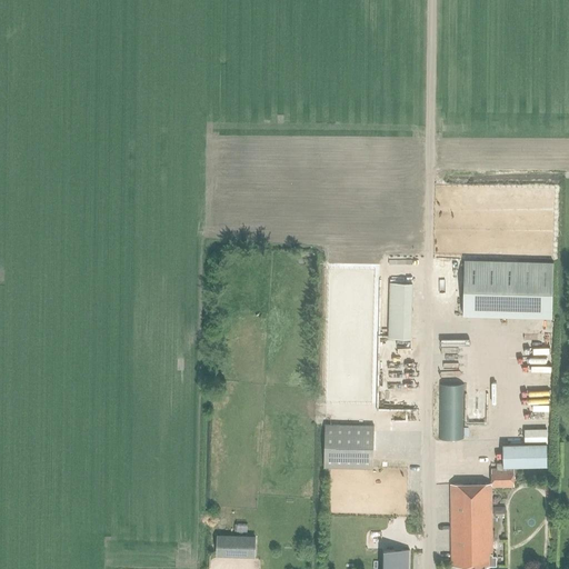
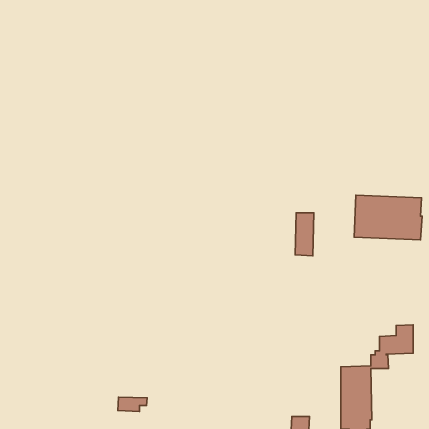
building: [438,386,463,441] -> none
building: [323,426,373,469] -> none
building: [216,537,254,556] -> [118,397,147,411]

